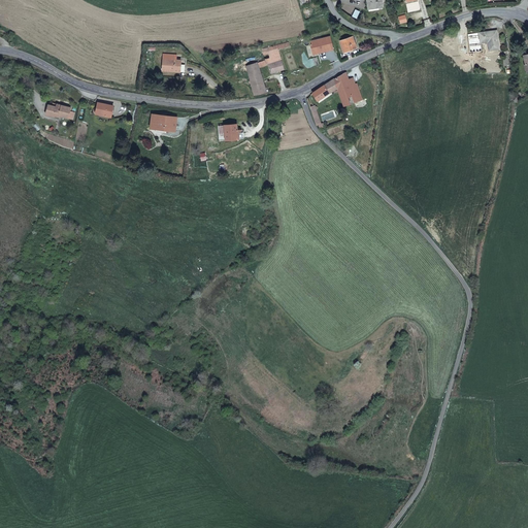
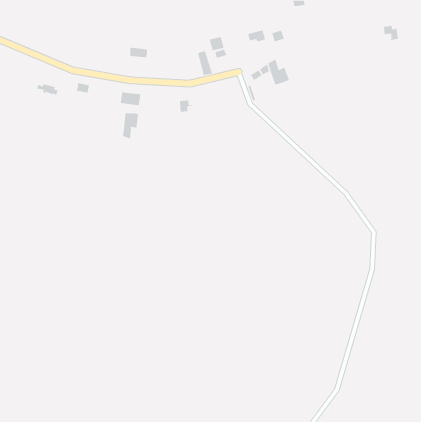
building: none -> [123,112,139,139]

